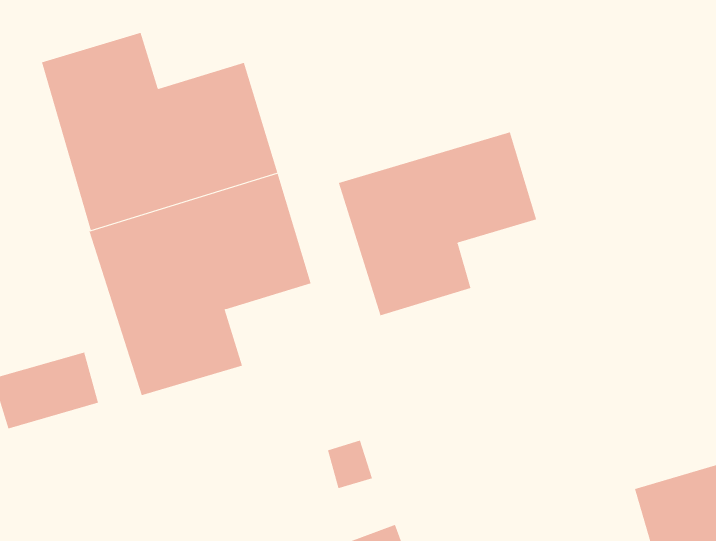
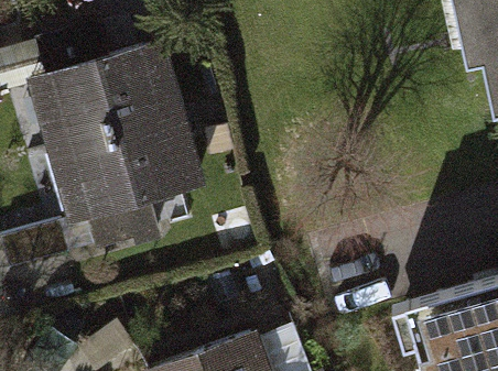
building: [338,131,537,316] -> none

